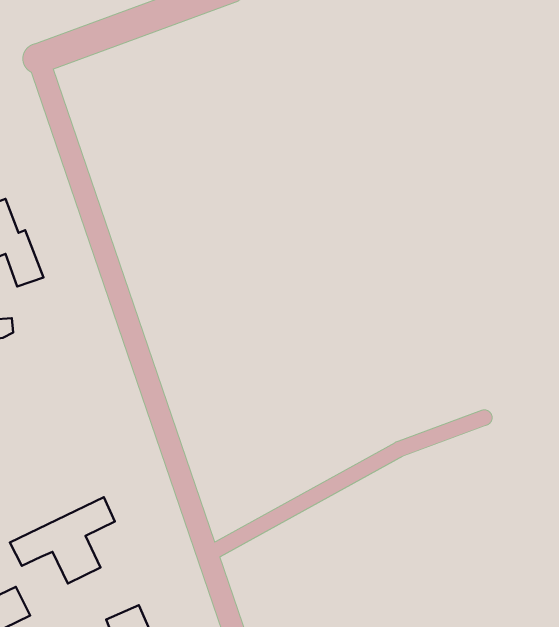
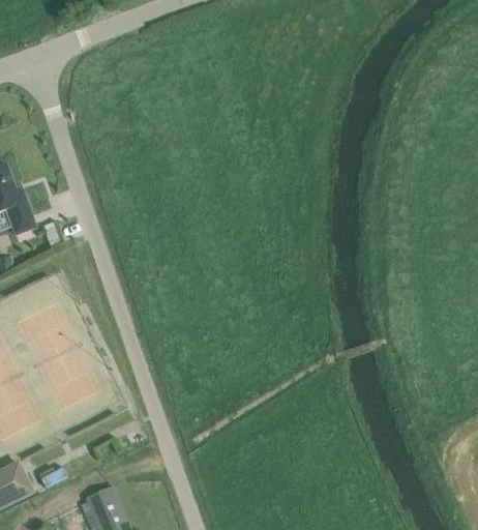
building: [10,497,115,583] -> none

